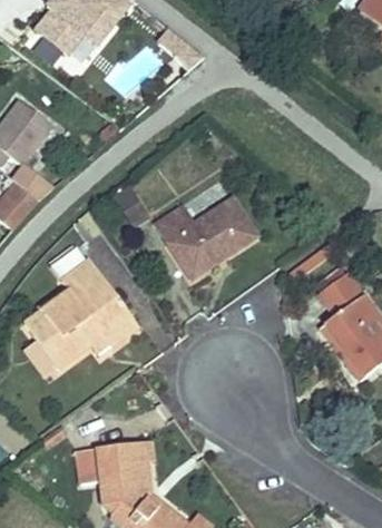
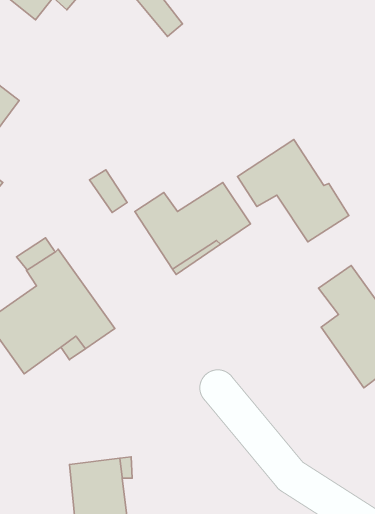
building: none -> [237,139,349,242]

